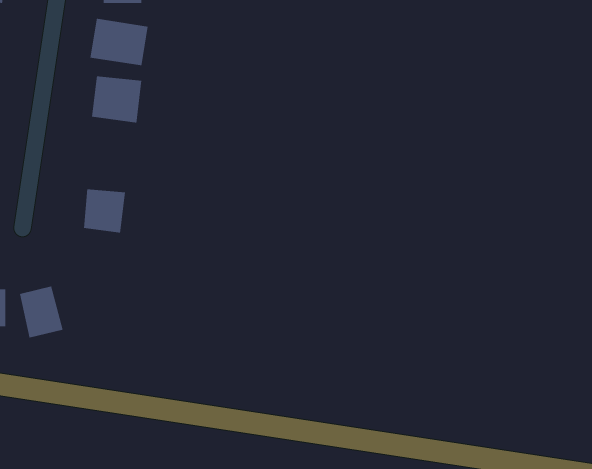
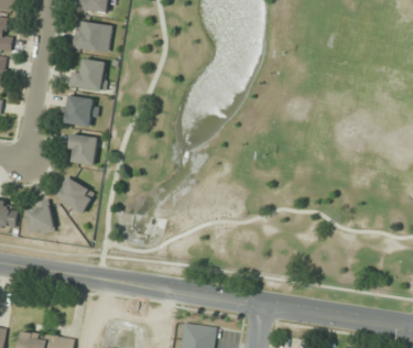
building: none -> [65,97,96,124]
building: none -> [56,177,93,213]

